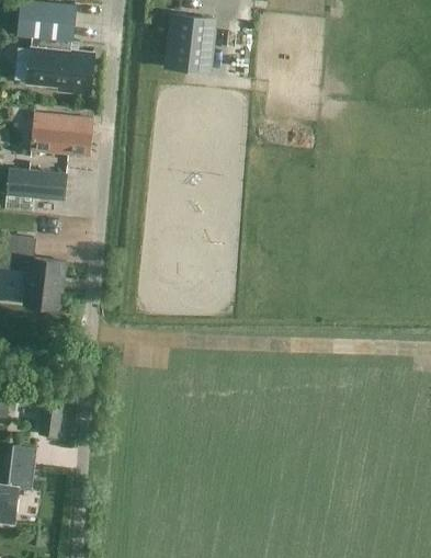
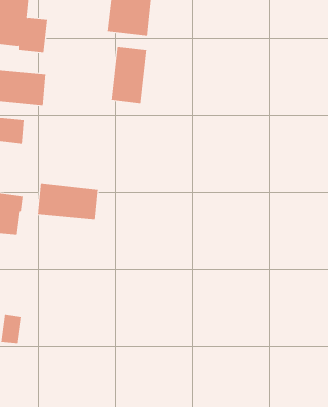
building: none -> [111,46,147,104]
building: none -> [37,183,98,220]

